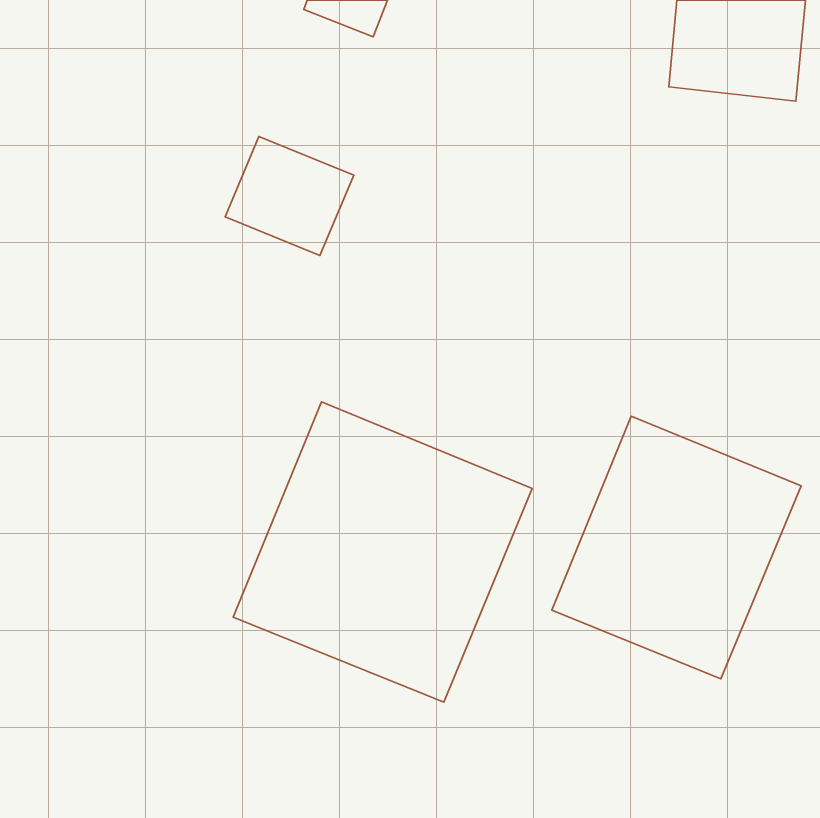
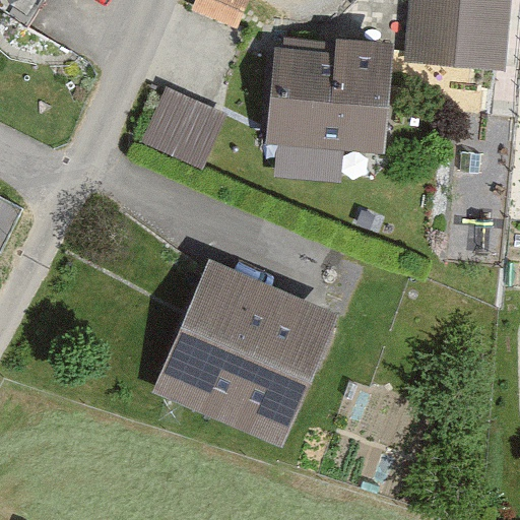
building: none -> [266,34,394,184]
building: [552,416,801,679] -> none

